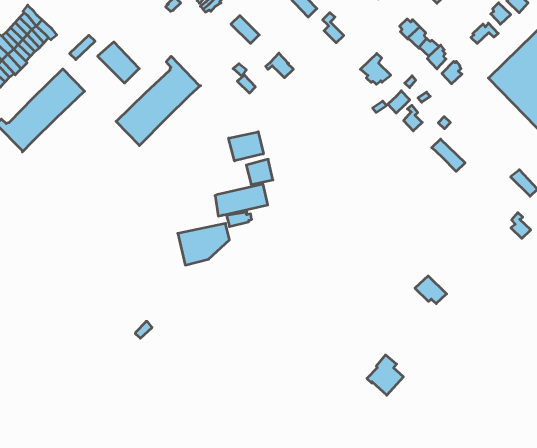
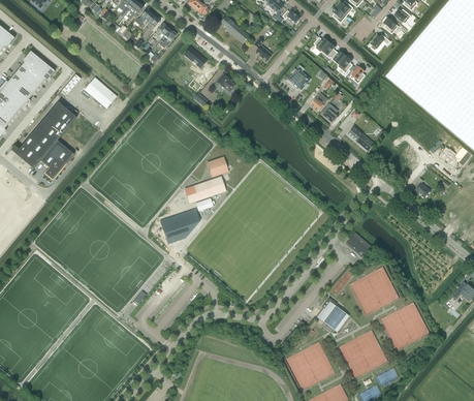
building: [116,56,201,146] -> none
building: none -> [41,140,73,179]
building: [229,132,263,161] -> none

